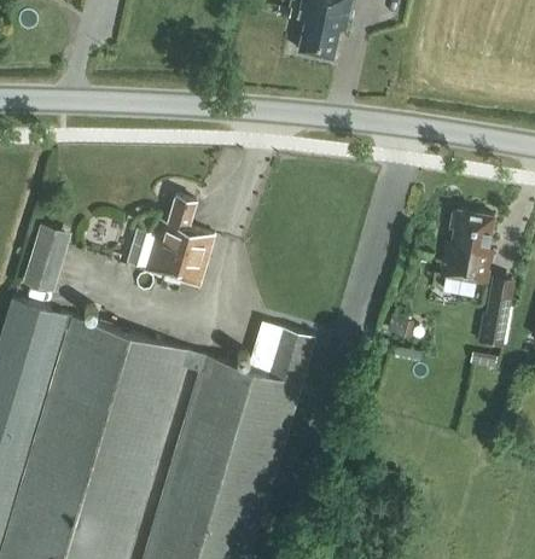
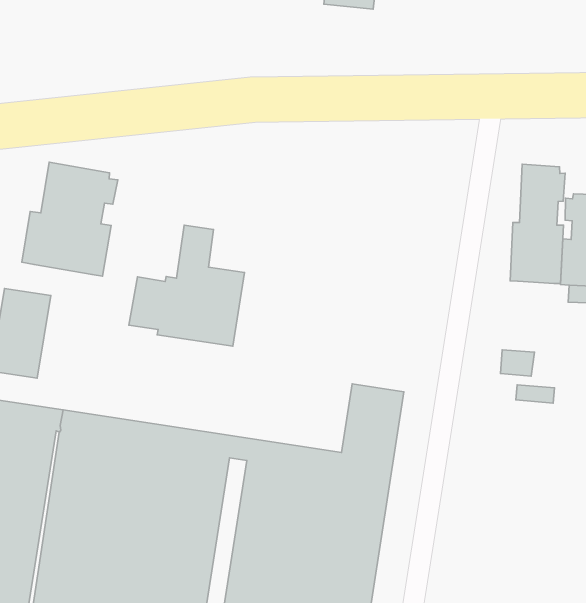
building: none -> [22,162,118,276]
building: none -> [510,164,565,284]

